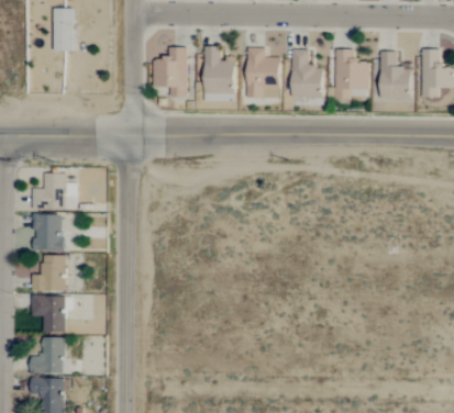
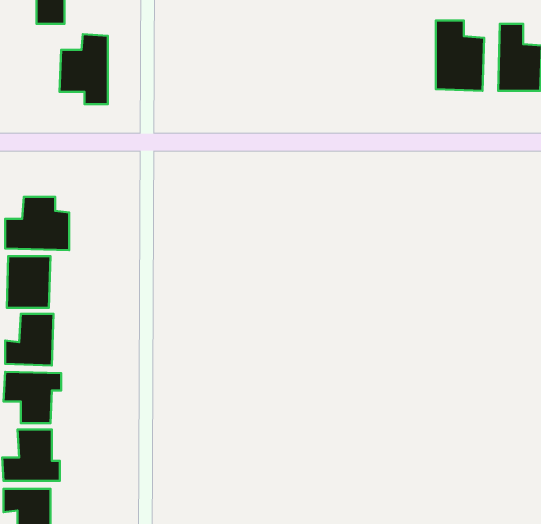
building: [153,46,187,96] -> [60,34,108,104]
building: [204,46,235,101] -> none
building: [247,47,280,98] -> none
building: [292,49,323,98] -> none

